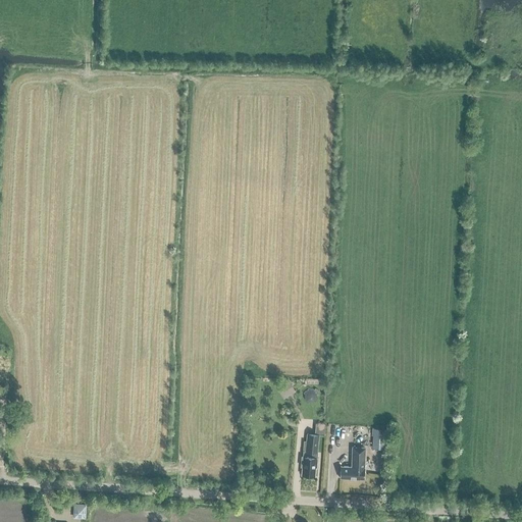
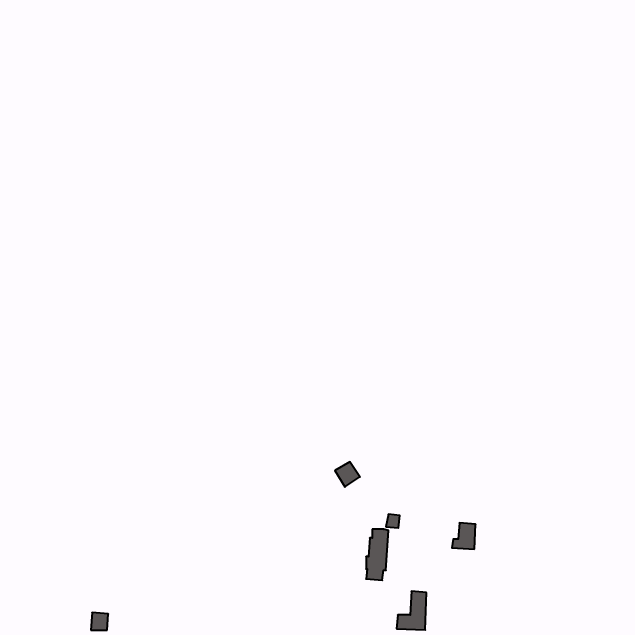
building: [338,447,363,478] -> [397,591,426,630]

